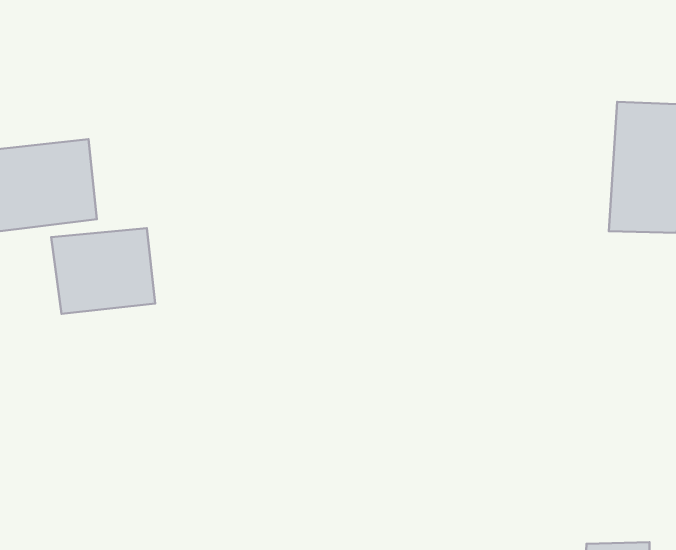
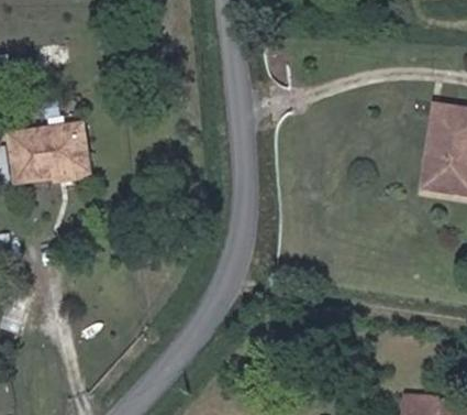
building: [51,228,155,314] -> none

